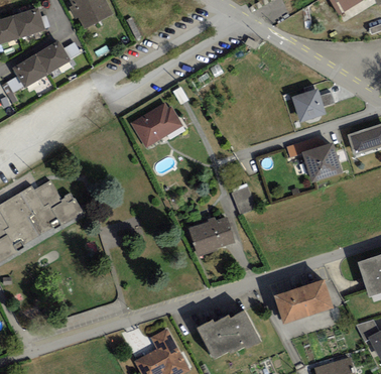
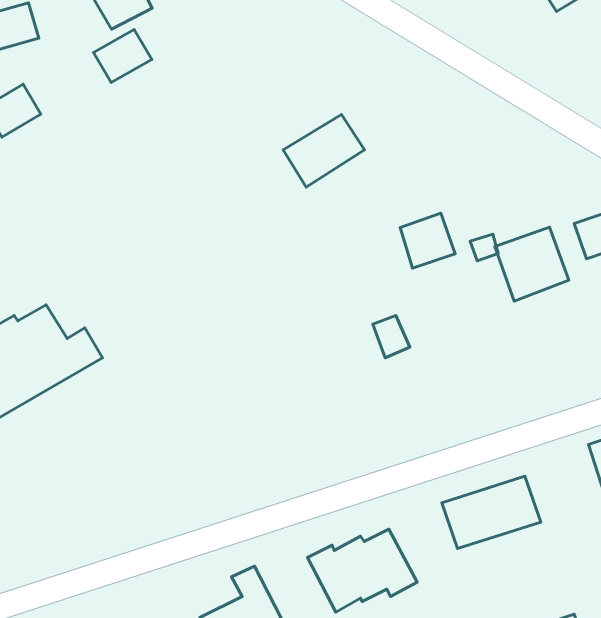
building: [34,43,68,74] -> [93,29,152,82]
building: [292,90,324,121] -> [400,213,455,268]
building: [132,105,178,146] -> [283,115,364,187]
building: [187,219,232,255] -> none

